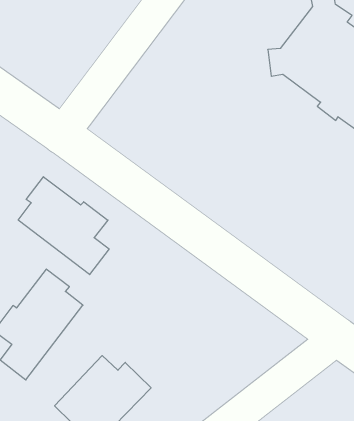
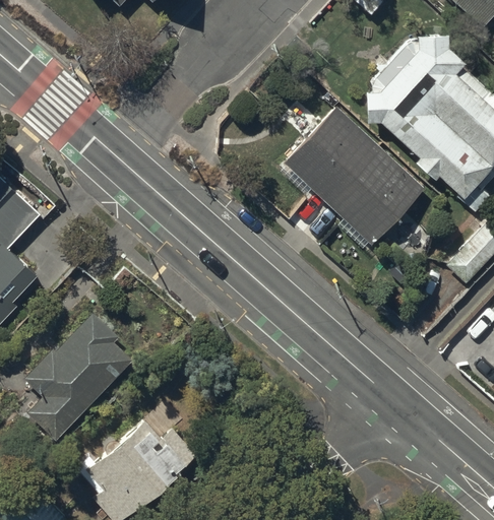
building: none -> [283,107,425,247]
building: [18,177,109,275] -> none

